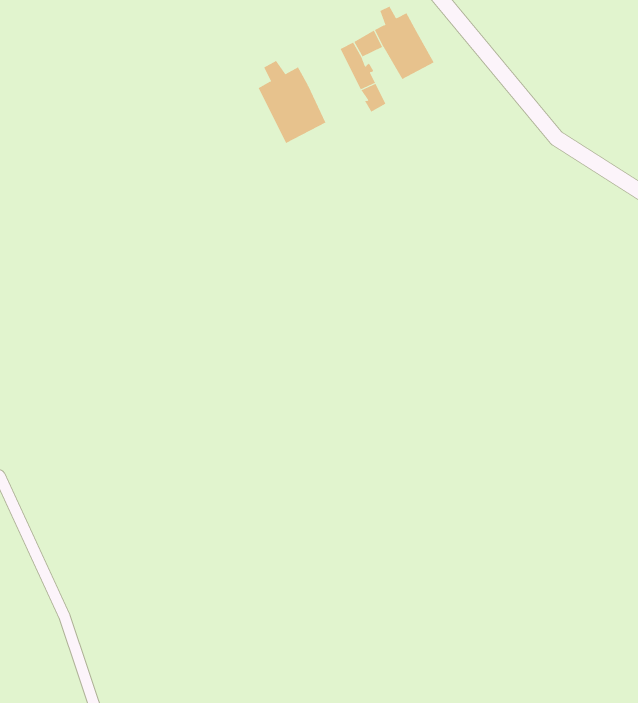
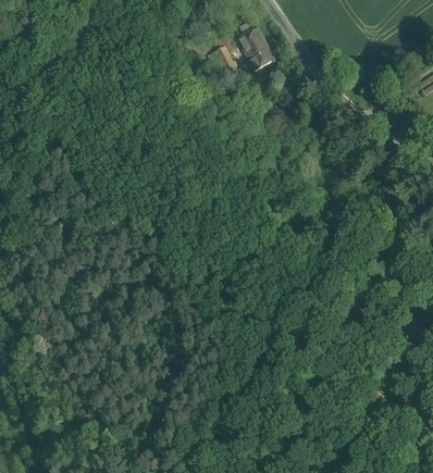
building: [258,60,326,144] -> none

